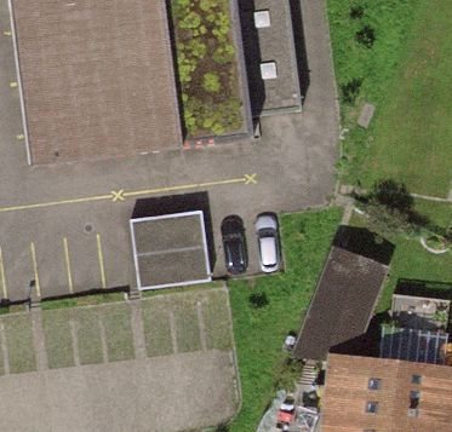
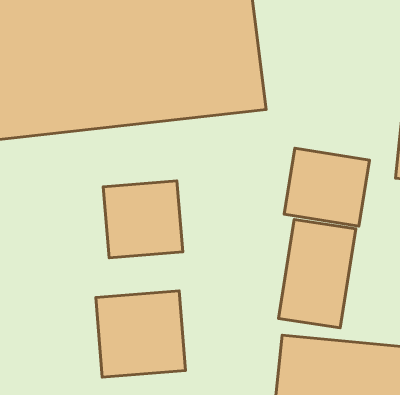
building: none -> [284,148,370,226]
building: none -> [96,291,186,377]

